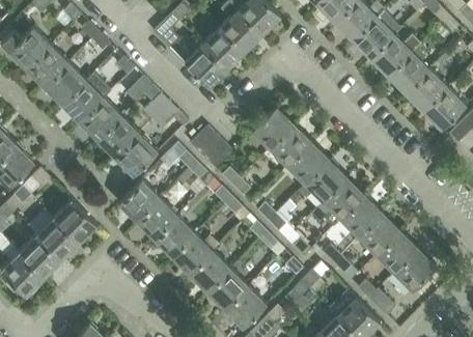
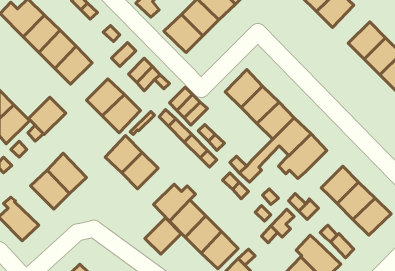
building: [371,34,419,77] -> none
building: [80,99,121,140] -> [28,97,66,134]
building: [341,196,383,237] -> none
building: [155,216,195,256] -> [145,218,181,254]
building: [18,235,61,279] -> none

